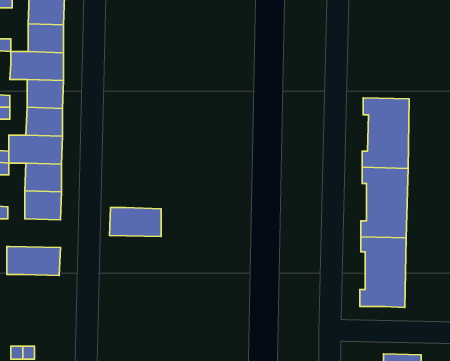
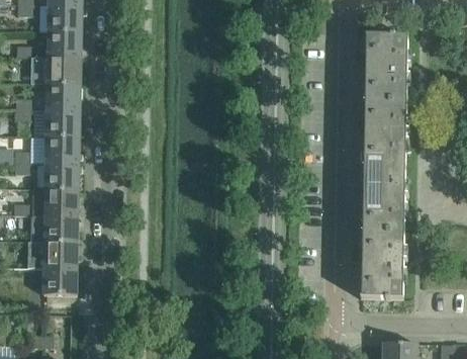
building: none -> [363,34,407,101]
building: [109,208,161,237] -> [29,214,78,242]
building: none -> [43,267,77,294]

